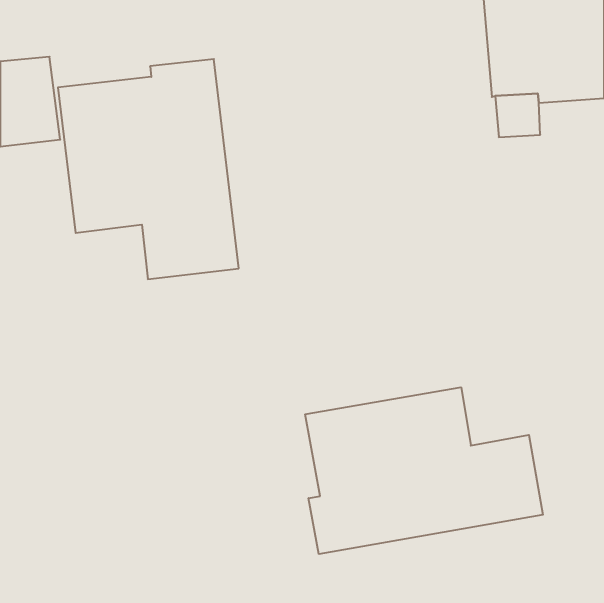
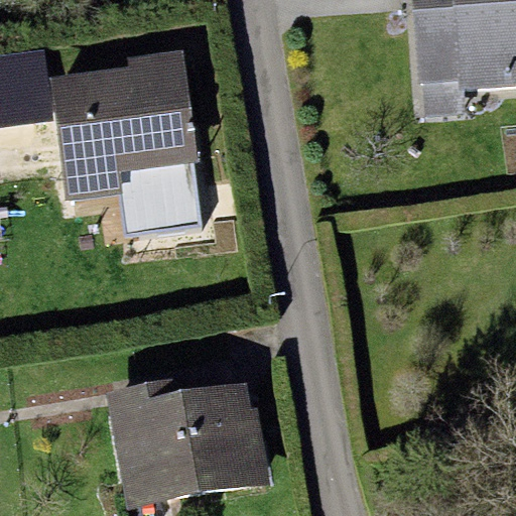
building: [305,387,543,554] -> none
building: none -> [105,376,270,510]

